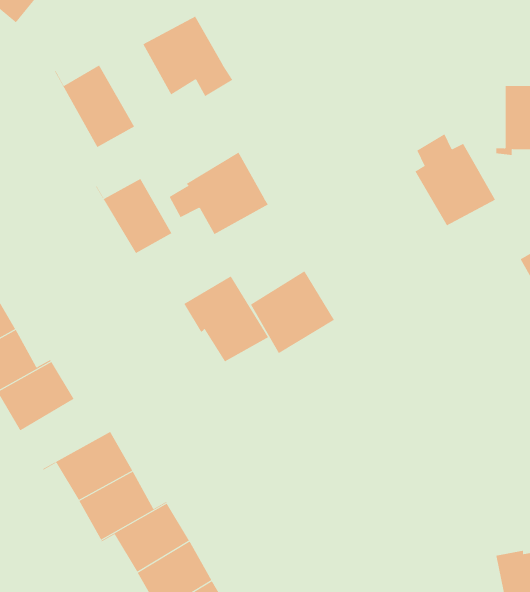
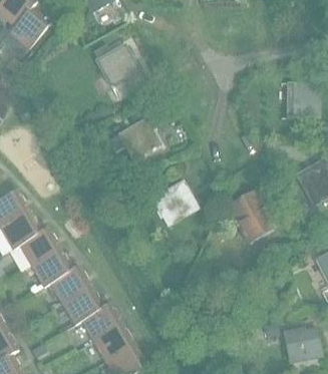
building: [55,64,135,148] -> none
building: [415,134,496,226] -> [232,193,275,242]
building: [95,178,172,254] -> none
building: [184,276,269,362] -> none
building: none -> [30,250,78,287]

